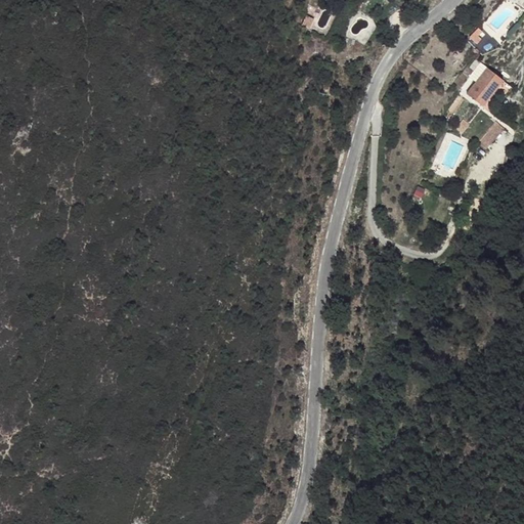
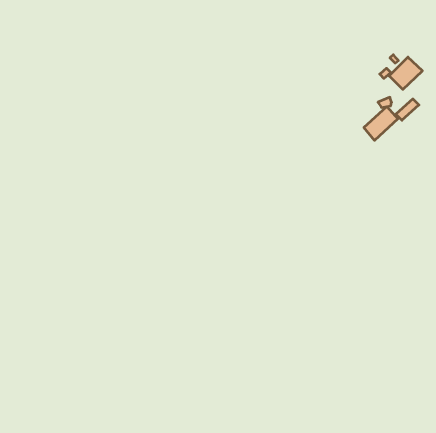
building: none -> [364,107,398,140]

